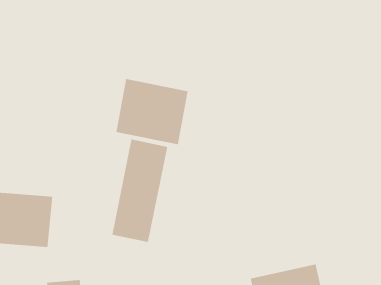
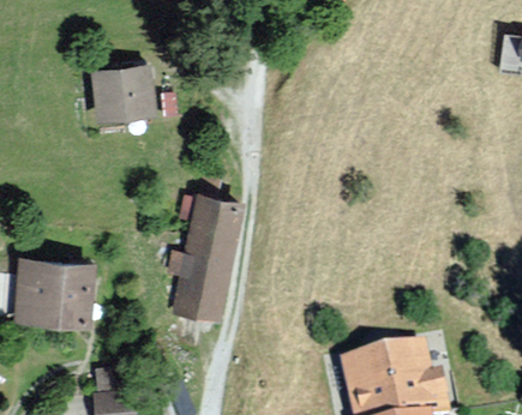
building: none -> [92,65,155,121]
building: [115,78,188,145] -> none

